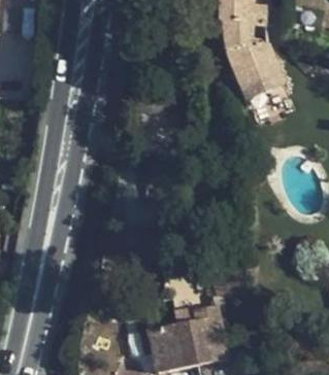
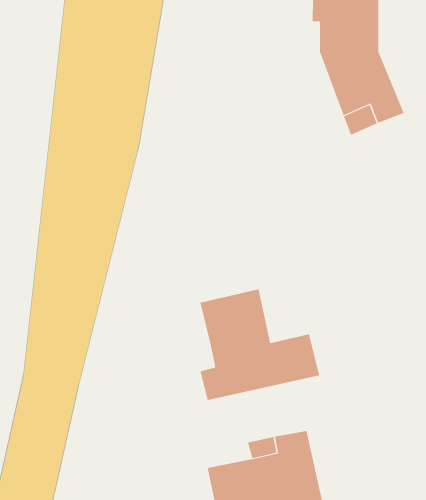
building: none -> [200,288,320,401]

